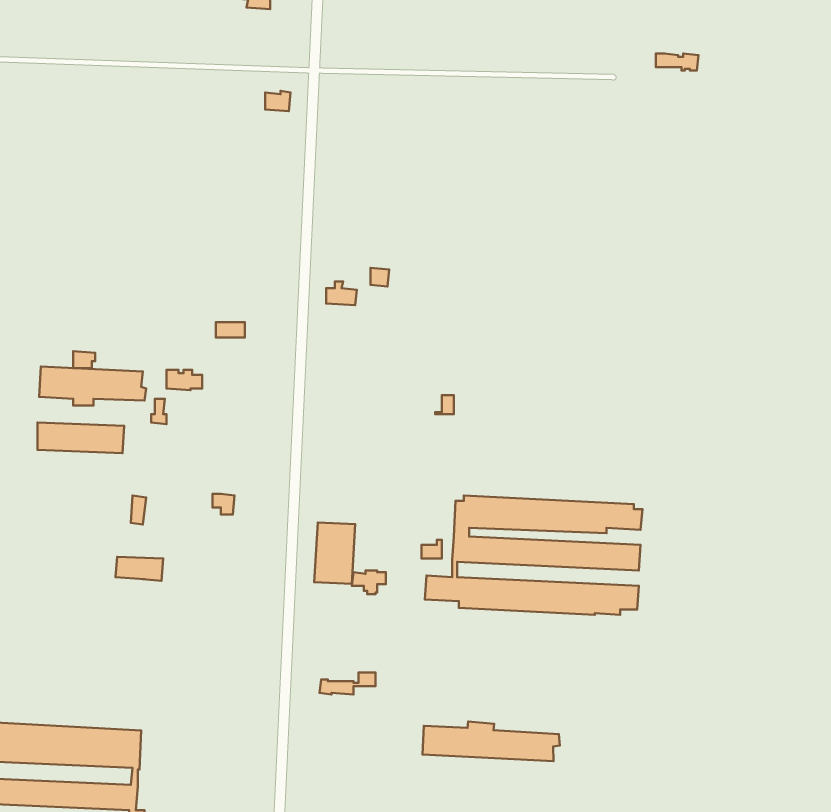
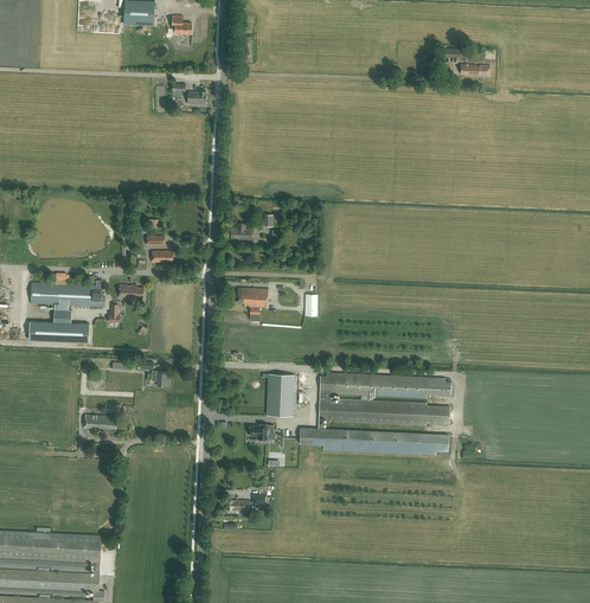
building: none -> [237,288,268,307]
building: [314,523,355,584] -> [265,373,294,416]
building: [423,722,560,761] -> none

